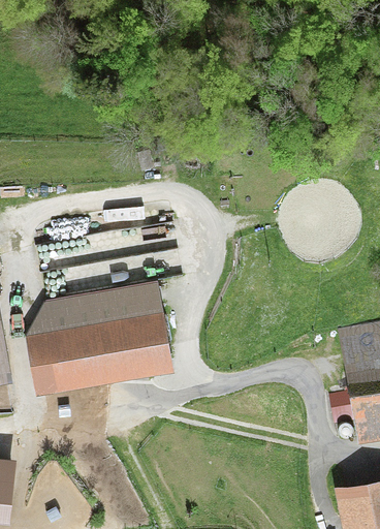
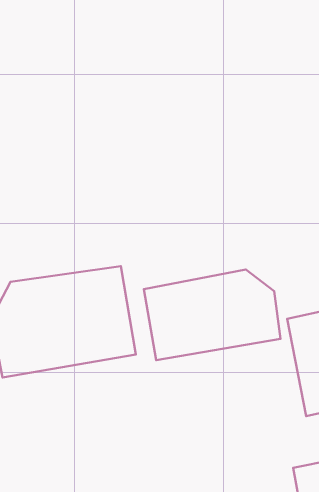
building: none -> [144,269,280,360]

